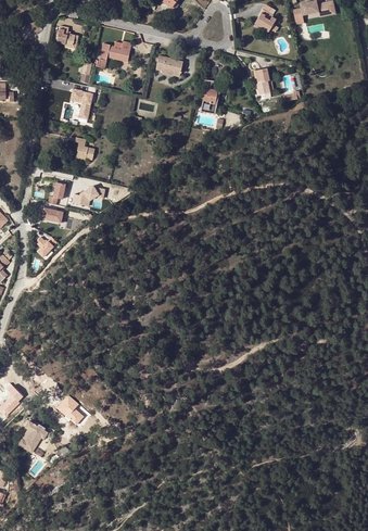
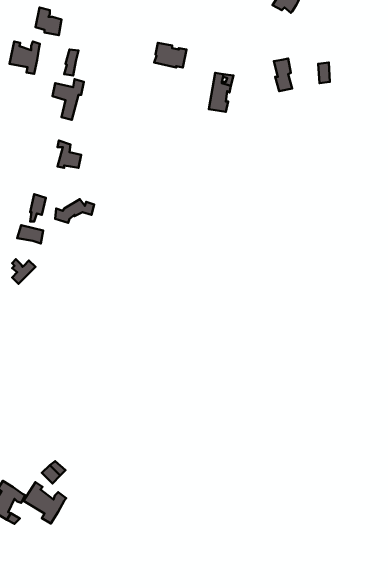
building: [100,41,131,61] -> none
building: none -> [9,41,40,74]
building: none -> [23,482,66,523]

